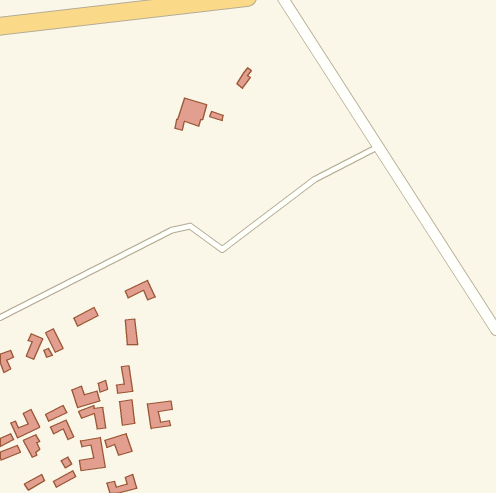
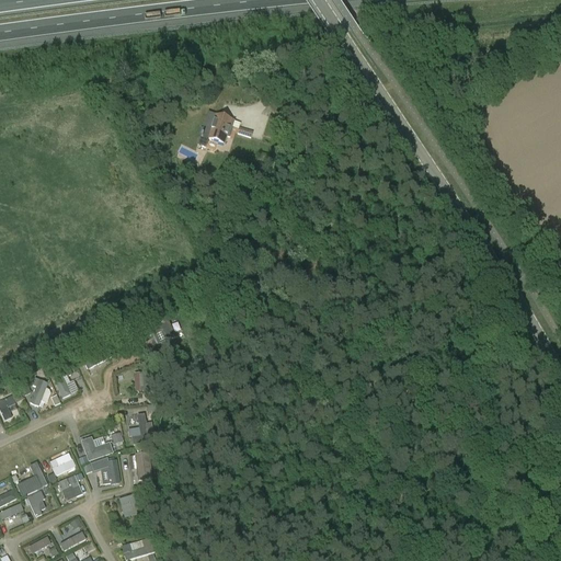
building: [148,401,172,429] -> none
building: [80,437,105,471] -> none

